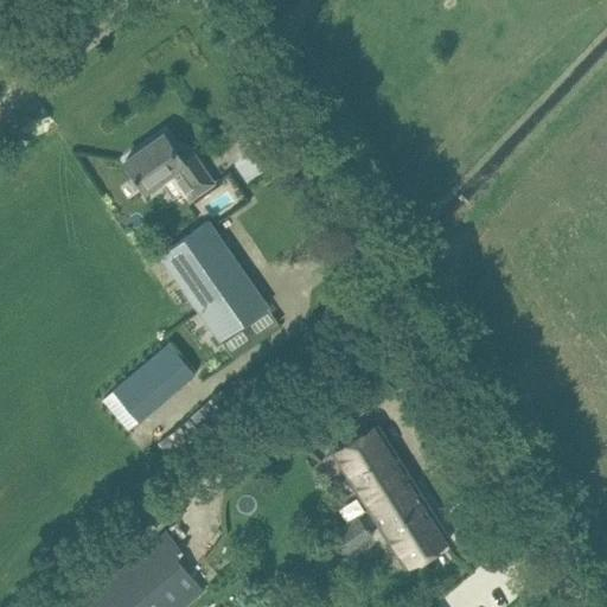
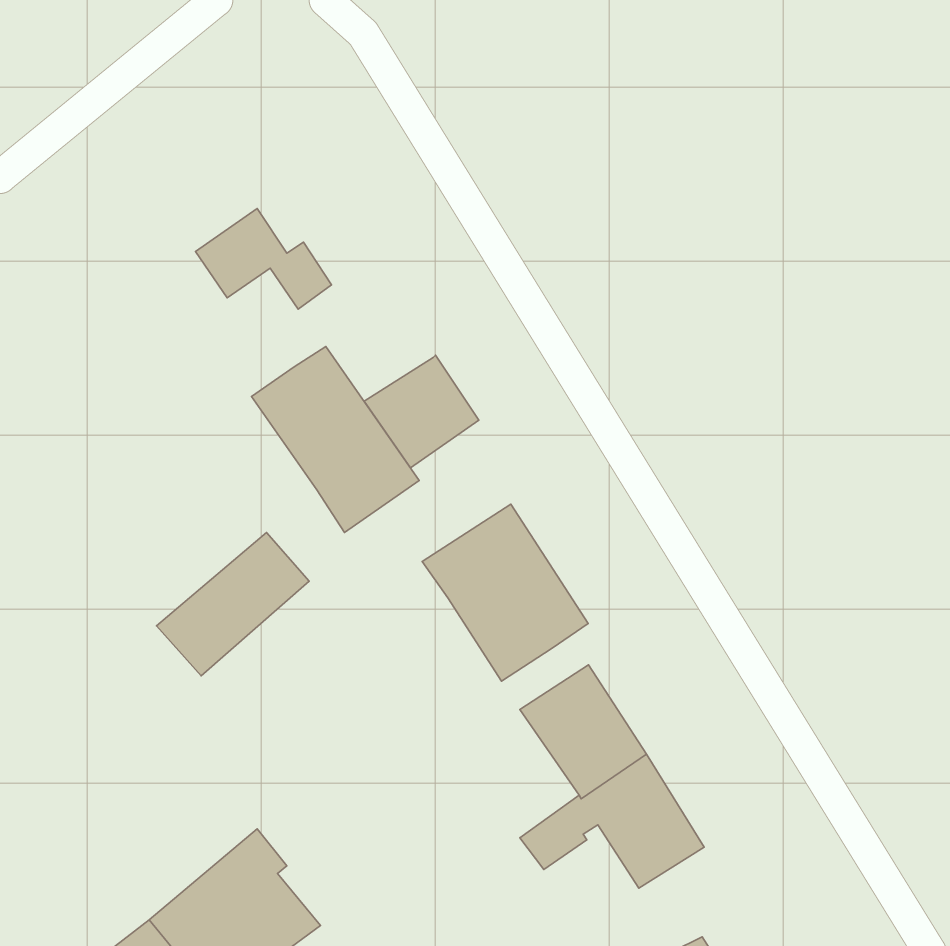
building: none -> [364,355,479,468]
building: none -> [422,504,588,681]

